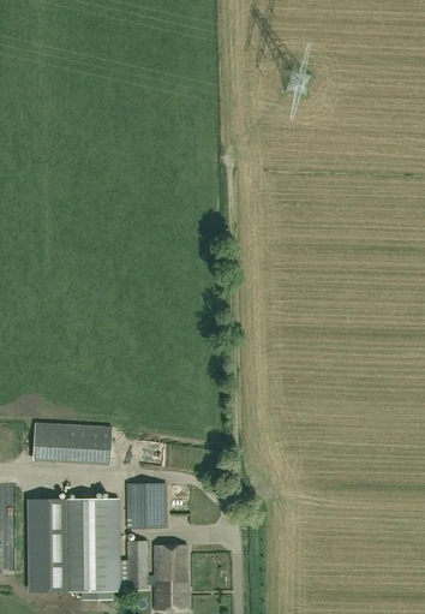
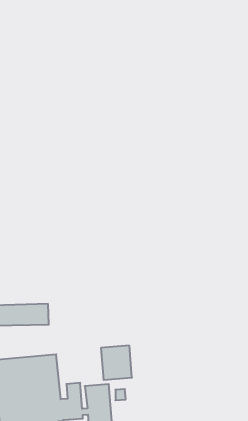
building: [127,484,167,529] -> [101,346,132,380]

